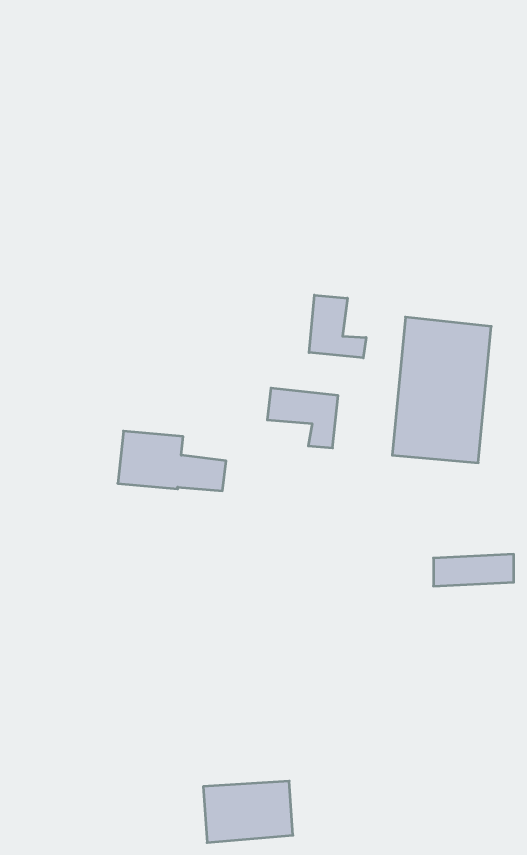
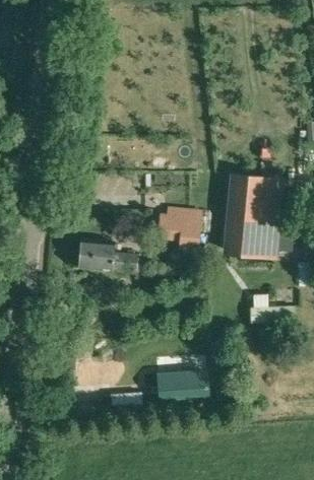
building: [309,295,366,358] -> none
building: [203,781,293,843] -> [160,371,208,405]

